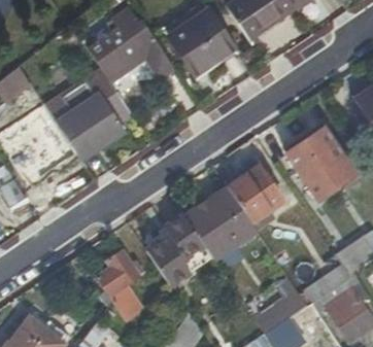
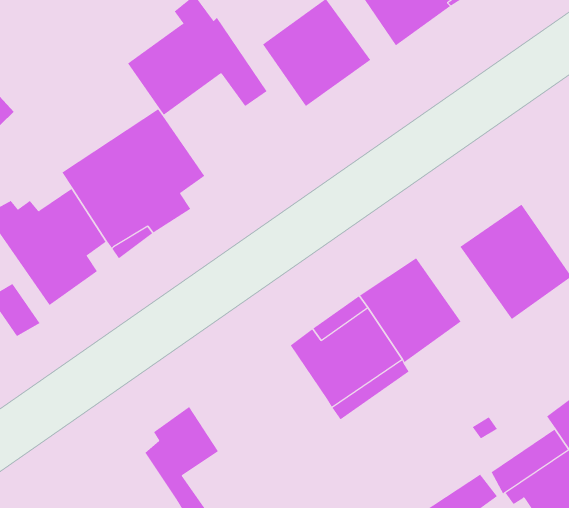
building: [144,216,206,290] -> none

